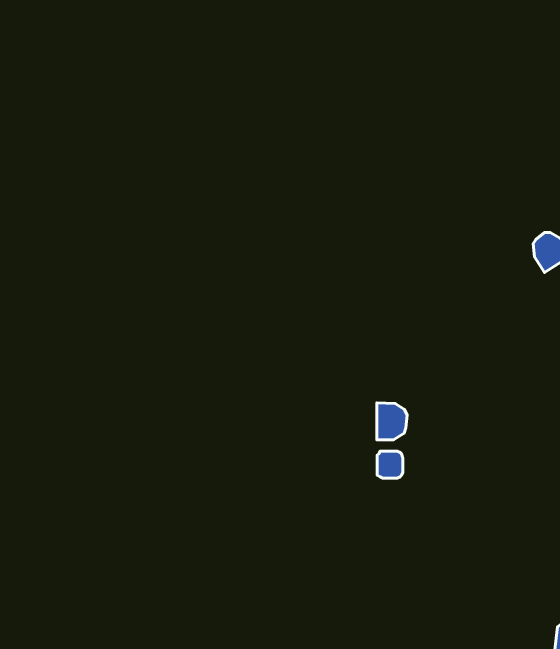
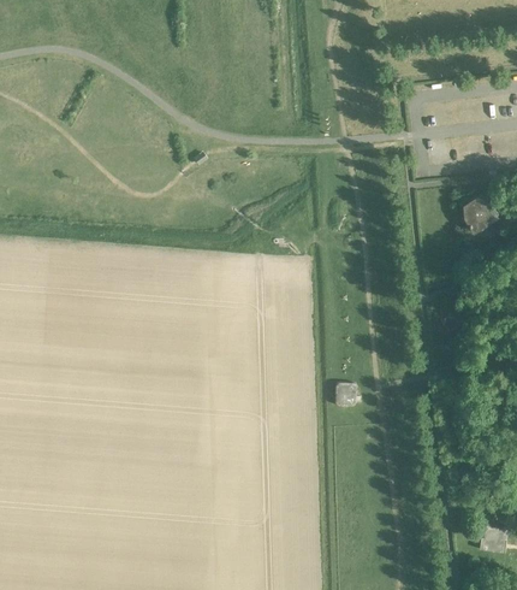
building: [377,403,407,440] -> none

